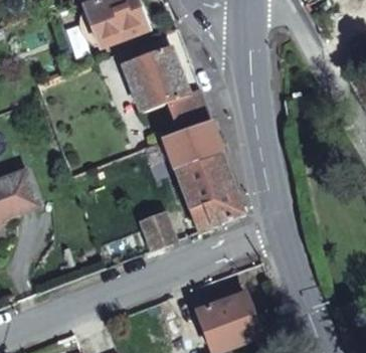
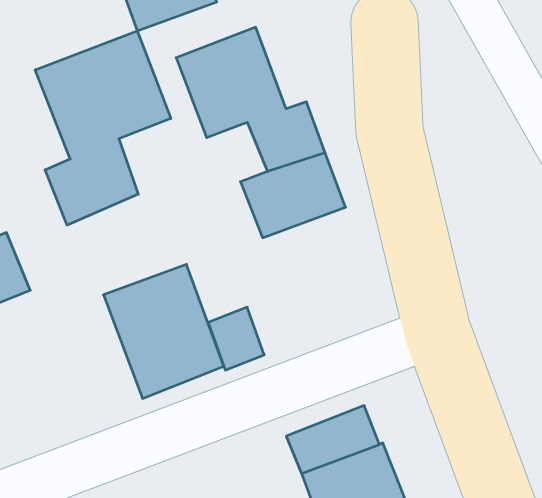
building: none -> [35,31,171,225]
building: [174,154,245,233] -> [103,264,224,398]

